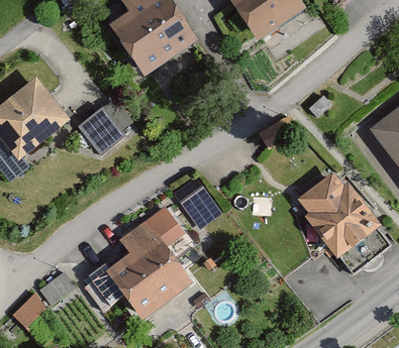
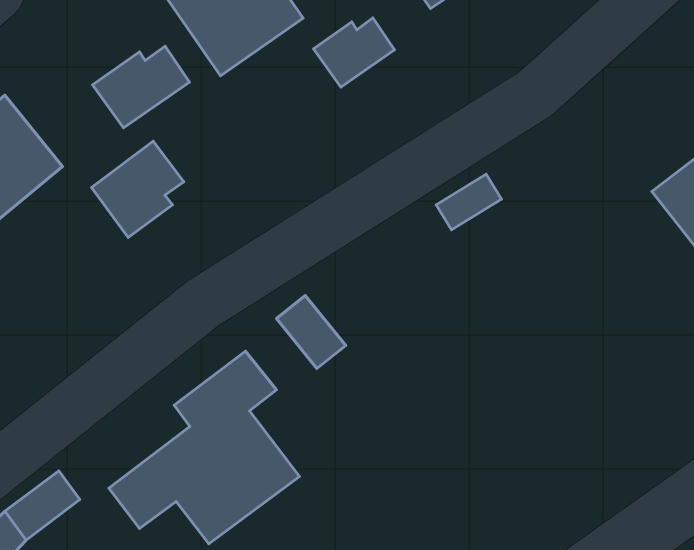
building: none -> [314,18,395,87]
building: none -> [93,46,190,128]
building: [300,175,388,270] -> none

